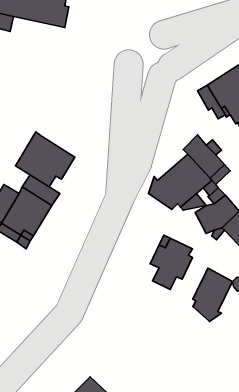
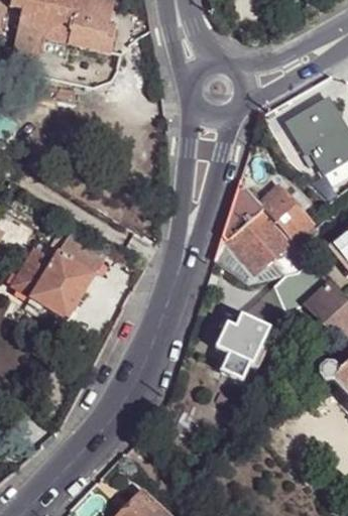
building: [15,132,75,187] -> none
building: none -> [222,181,264,242]
building: [193,268,233,321] -> none

